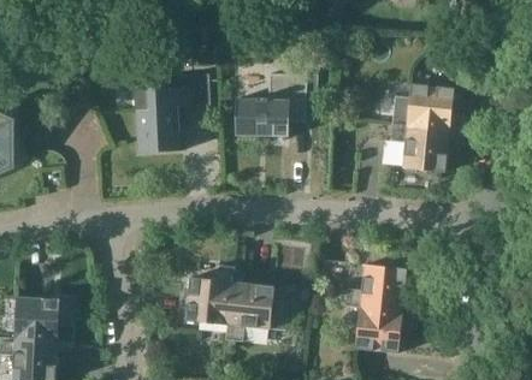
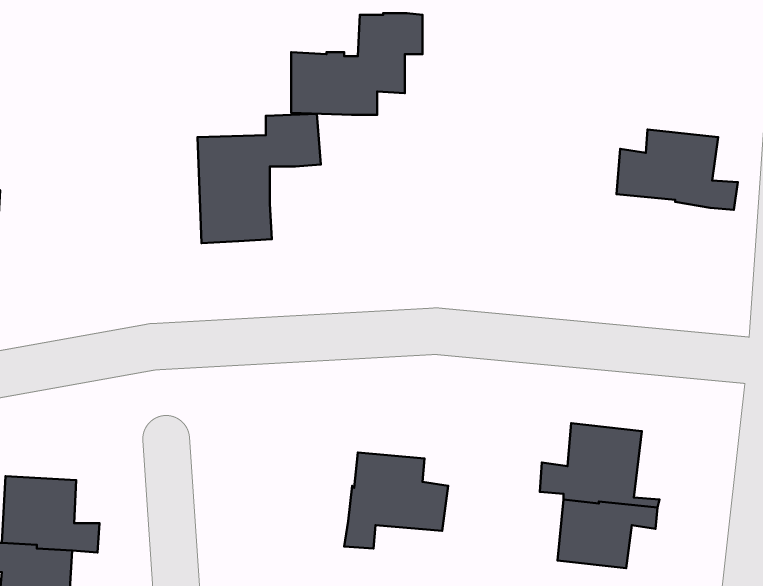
building: [235,73,315,136] -> [291,13,422,115]
building: [389,123,449,172] -> none
building: [184,265,234,323] -> none

